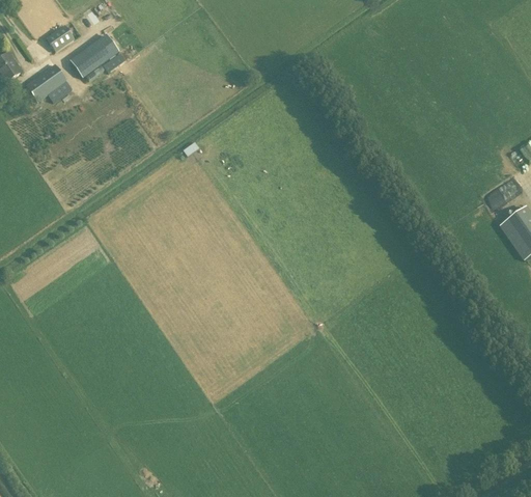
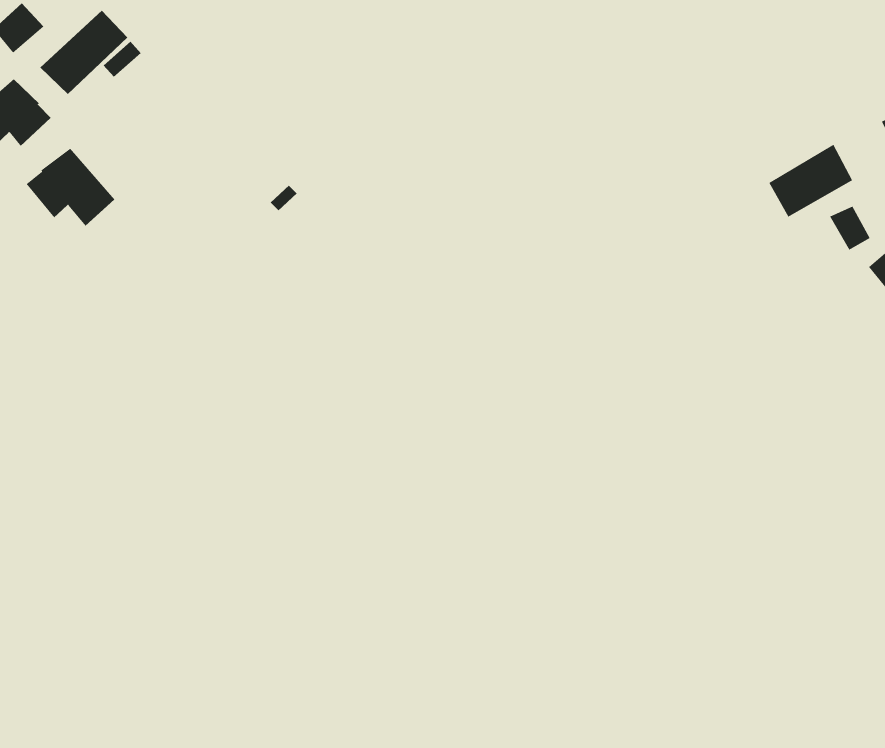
building: none -> [26,148,115,227]
building: none -> [768,144,853,217]

